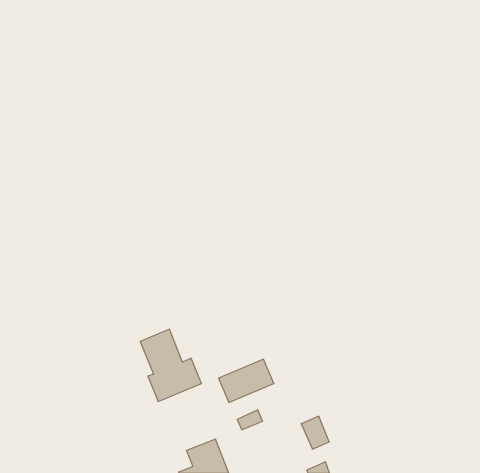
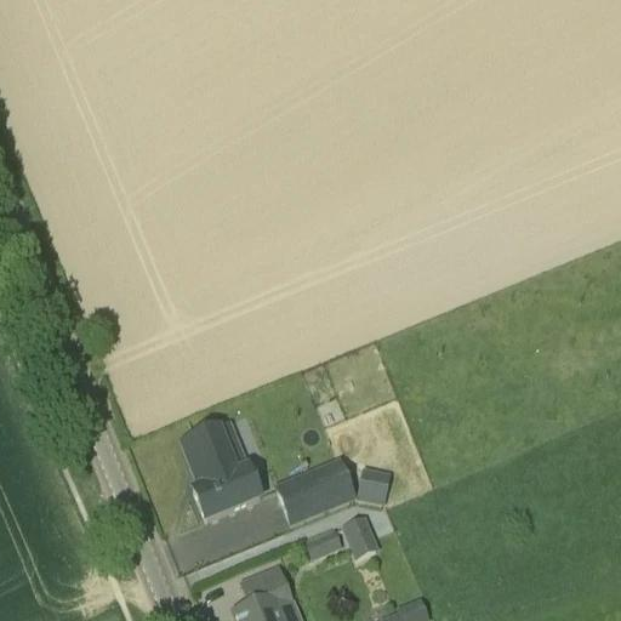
building: none -> [357,465,391,502]
building: [301,416,329,449] -> [342,515,378,558]

